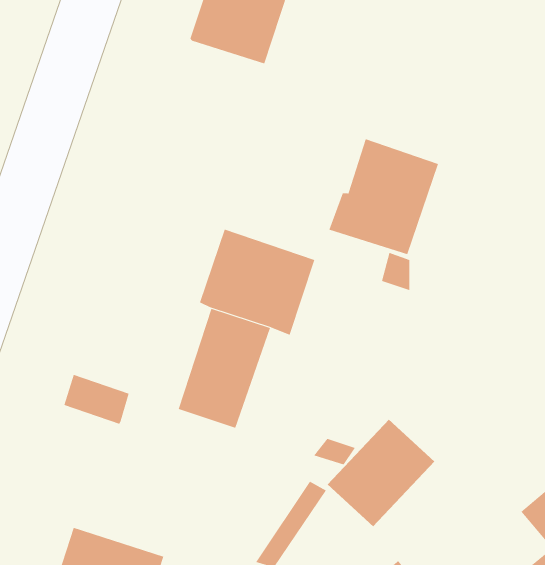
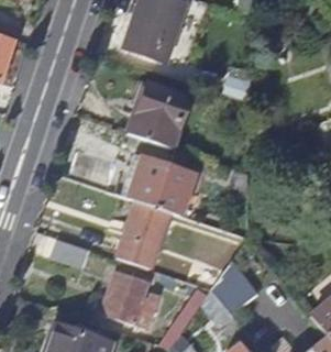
building: [329,139,439,255] -> [125,79,188,145]
building: none -> [102,271,157,328]

